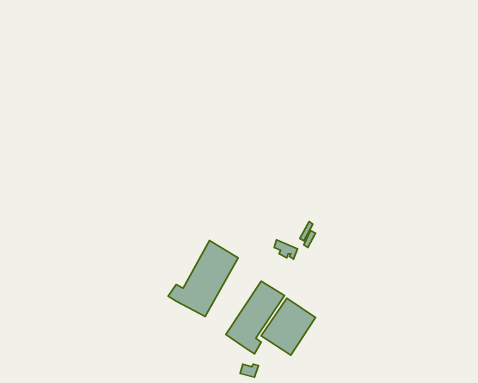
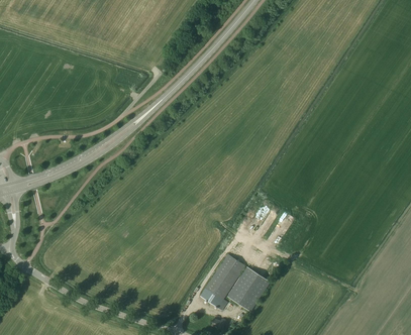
building: [168,240,238,317] -> none

